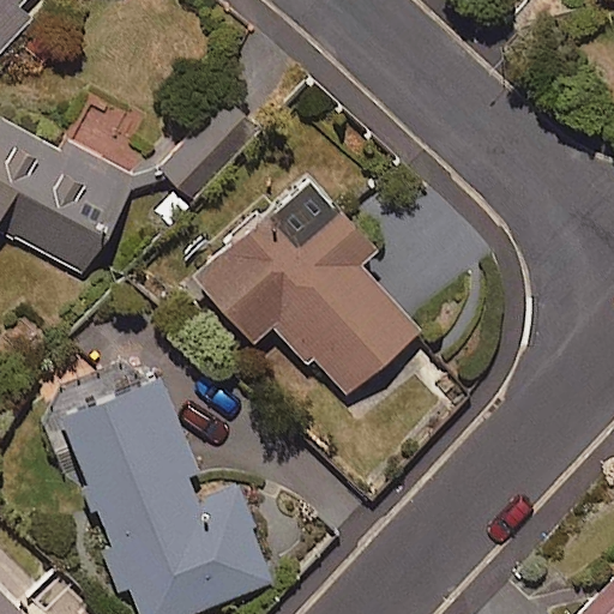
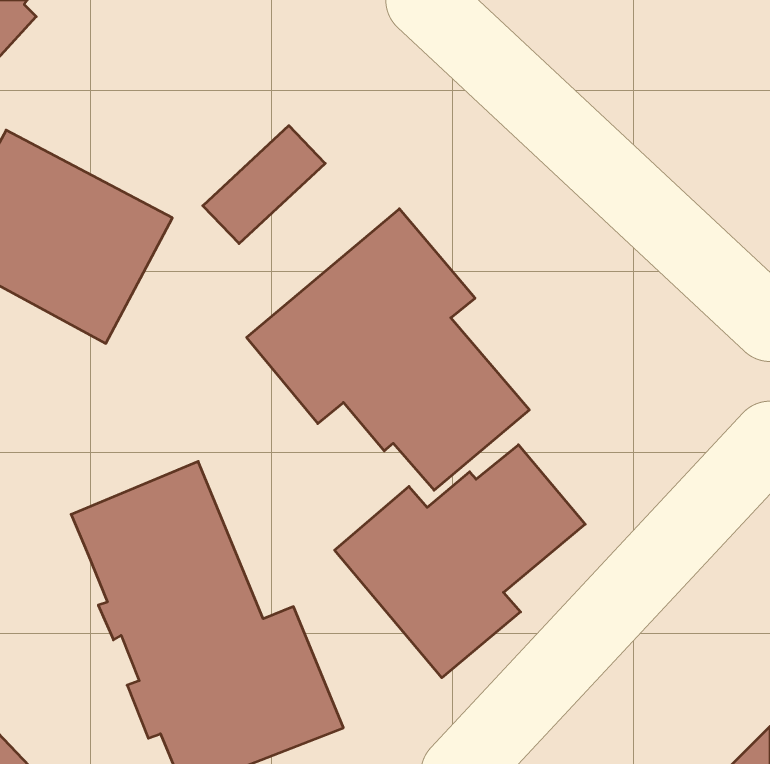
building: none -> [335,445,585,678]

